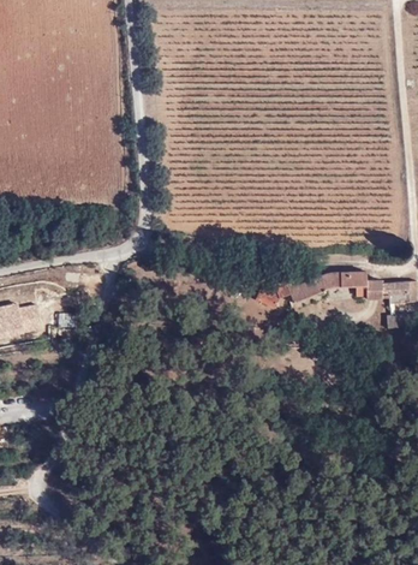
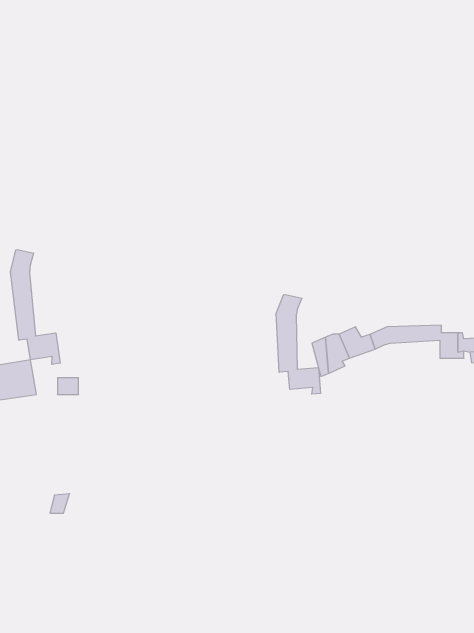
building: none -> [11,250,60,364]
building: none -> [276,295,321,394]

